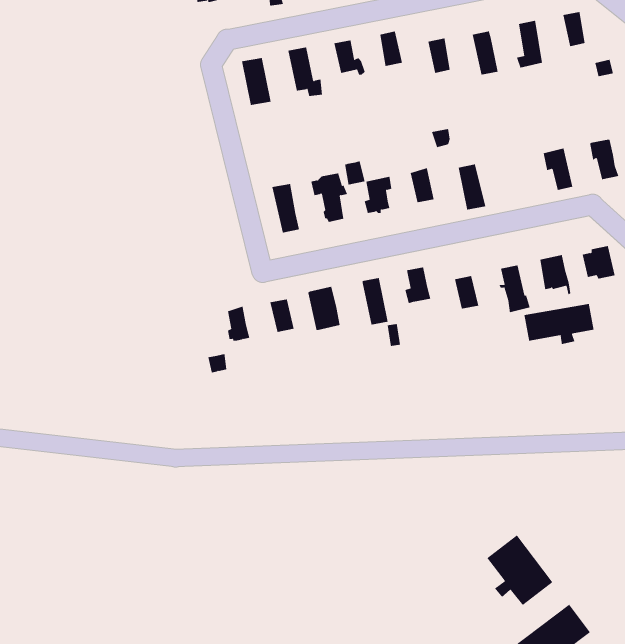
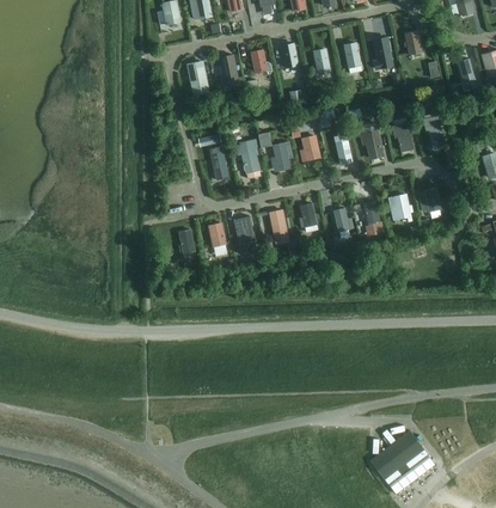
building: none -> [360,123,384,159]
building: [524,303,594,345] -> none
building: [486,535,553,606] -> none

